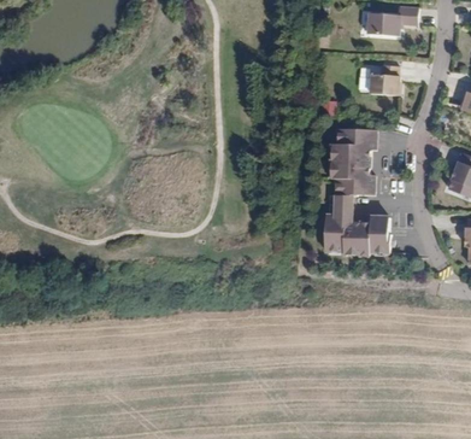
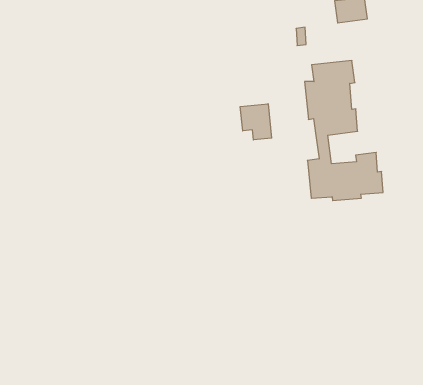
building: none -> [240,104,272,140]

